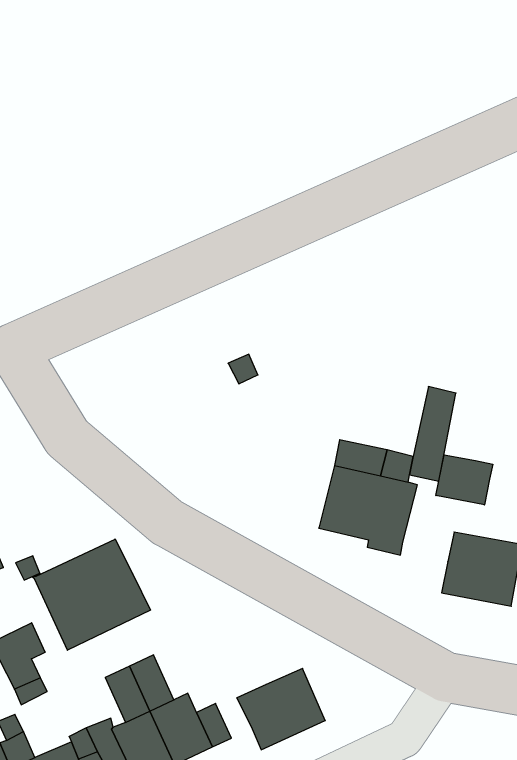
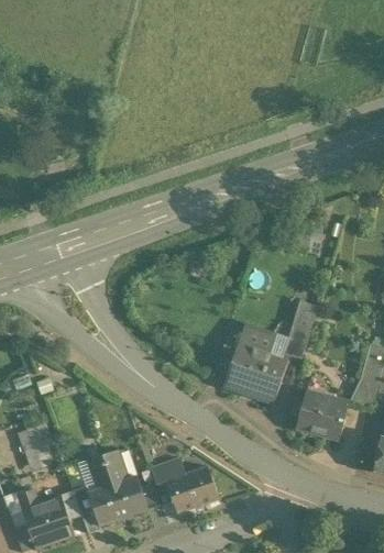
building: [436,455,493,505] -> none
building: [32,539,150,650] -> none
building: none -> [150,457,184,504]

